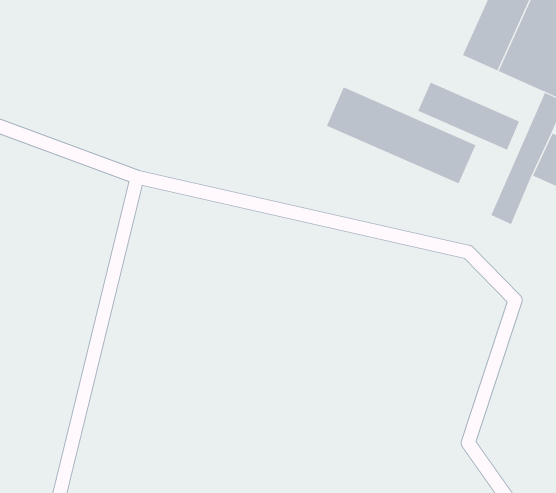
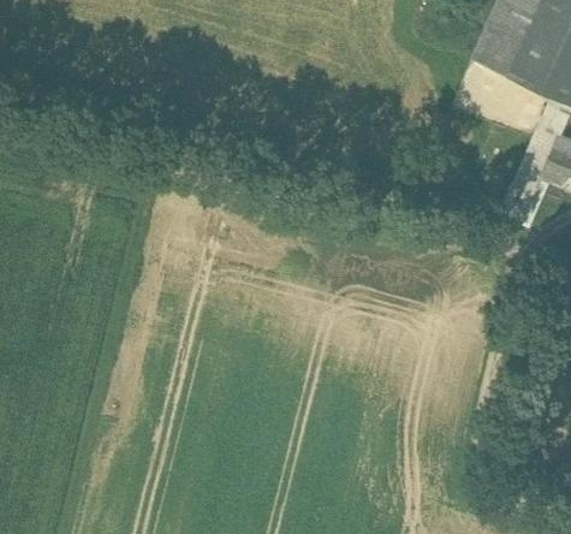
building: [418,82,520,150] -> none
building: [326,87,476,184] -> none

